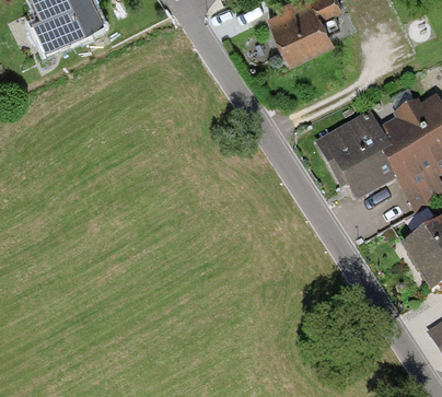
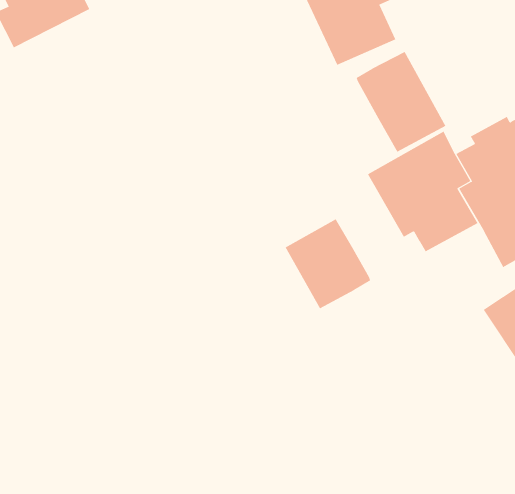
building: none -> [356,51,446,153]
building: none -> [285,219,371,309]

